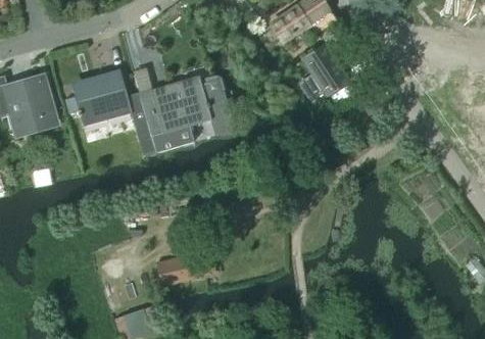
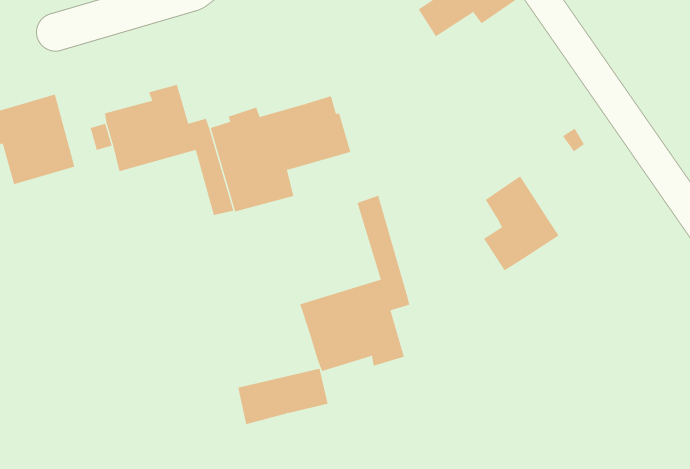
building: [298,41,346,101] -> [483,175,560,271]
building: none -> [299,195,410,372]

